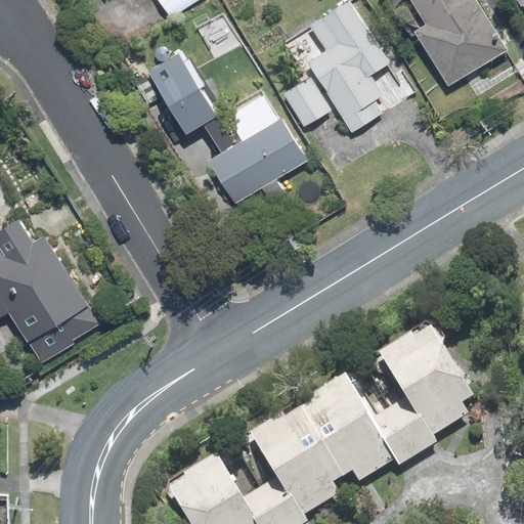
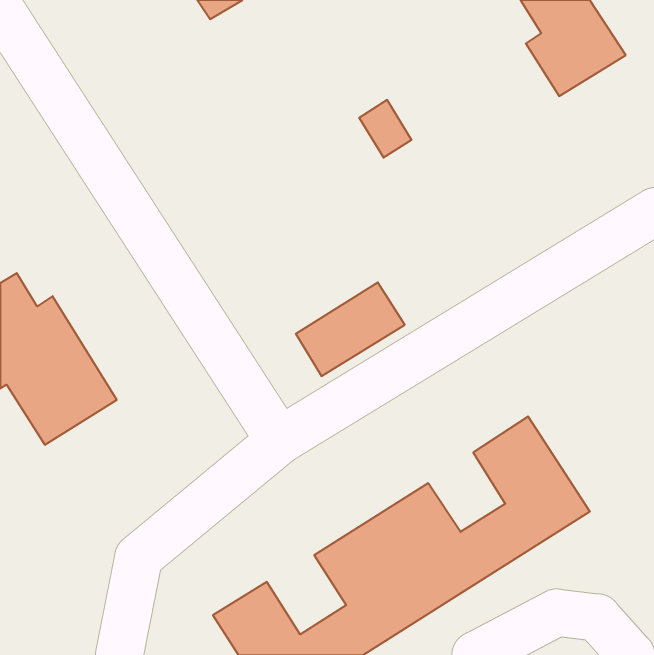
building: [297,10,380,128] -> none
building: [155,45,224,128] -> none
building: [215,123,302,198] -> [296,282,405,376]

